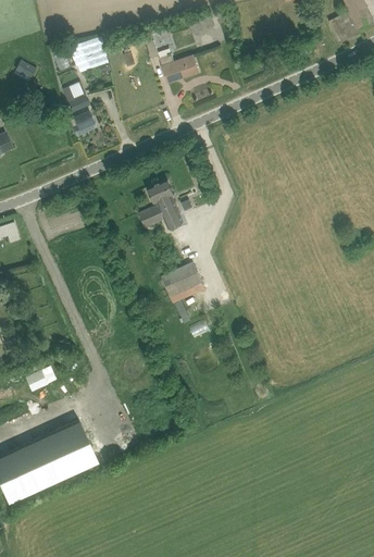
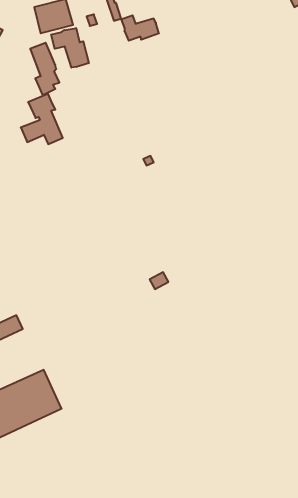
building: none -> [51,28,89,68]
building: [139,178,183,231] -> [21,94,63,144]
building: [161,262,205,304] -> none

